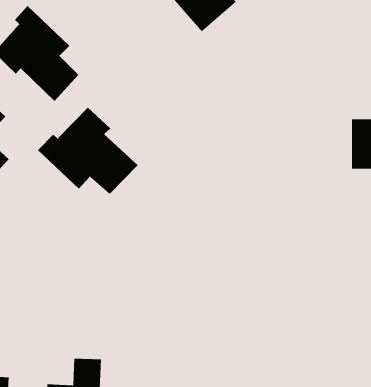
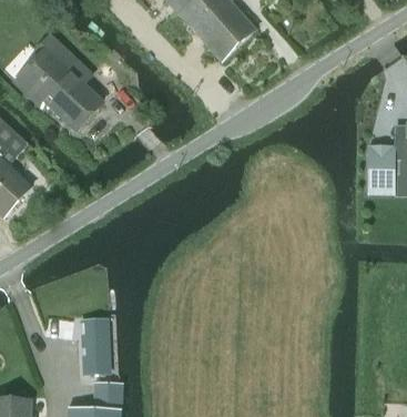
building: [37,107,139,195] -> none
building: none -> [79,317,110,375]

